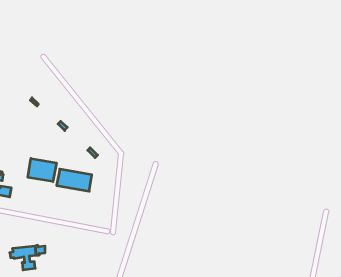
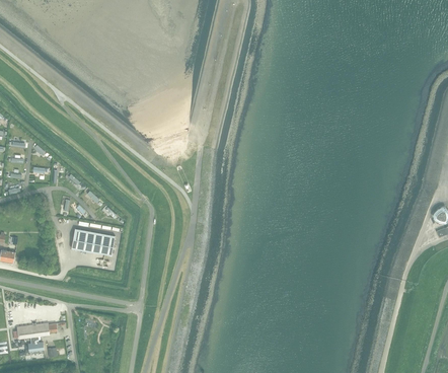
building: [28,158,56,182] -> none

